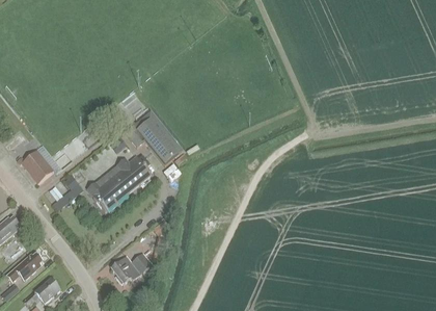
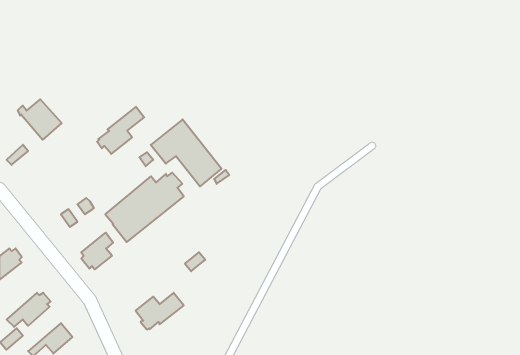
building: none -> [97,107,144,154]
building: [18,150,54,183] -> [18,99,62,140]
building: none -> [81,233,113,269]

